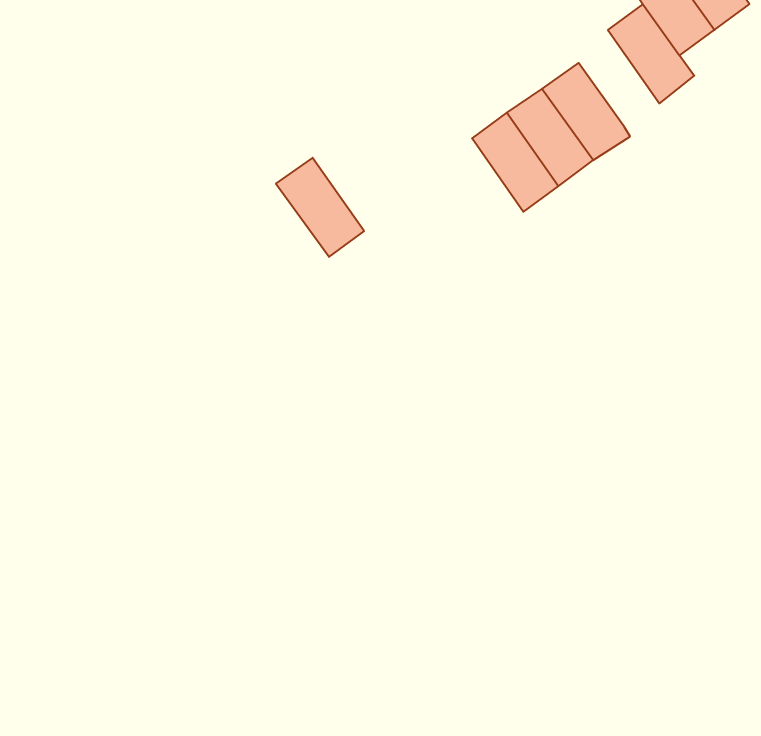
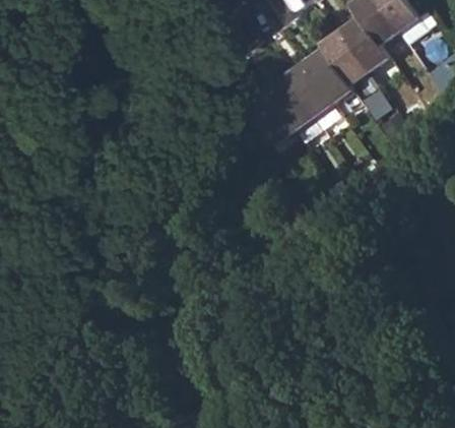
building: none -> [320,29,368,83]
building: [276,158,364,257] -> [244,89,292,144]

